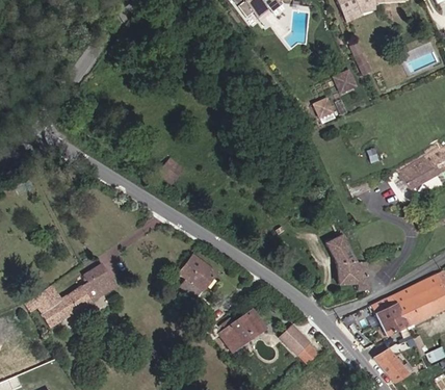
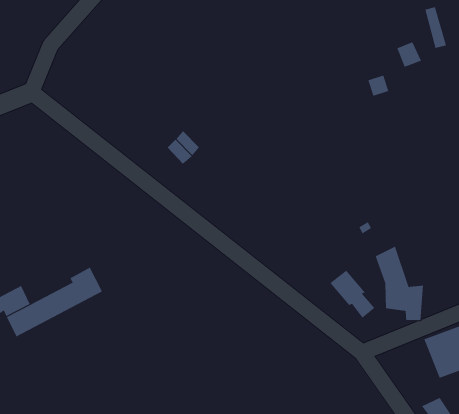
building: [181,256,217,290] -> none
building: [219,309,264,350] -> none
building: [279,323,316,361] -> [329,270,375,319]

